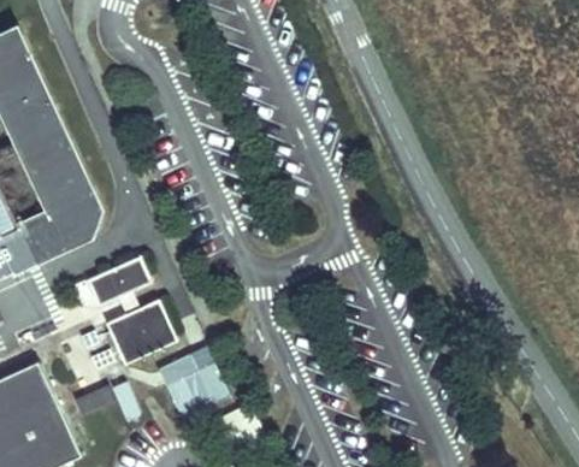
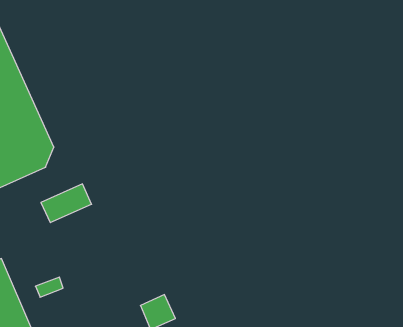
building: [105,302,177,366] -> none
building: [154,355,224,416] -> none

